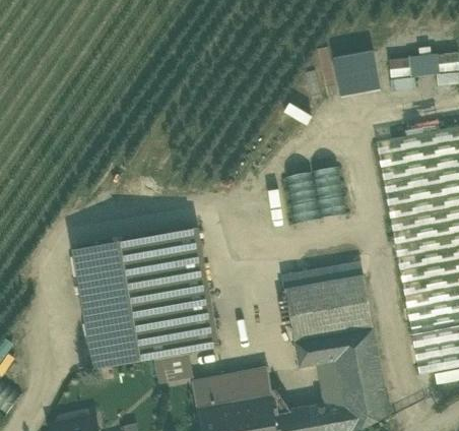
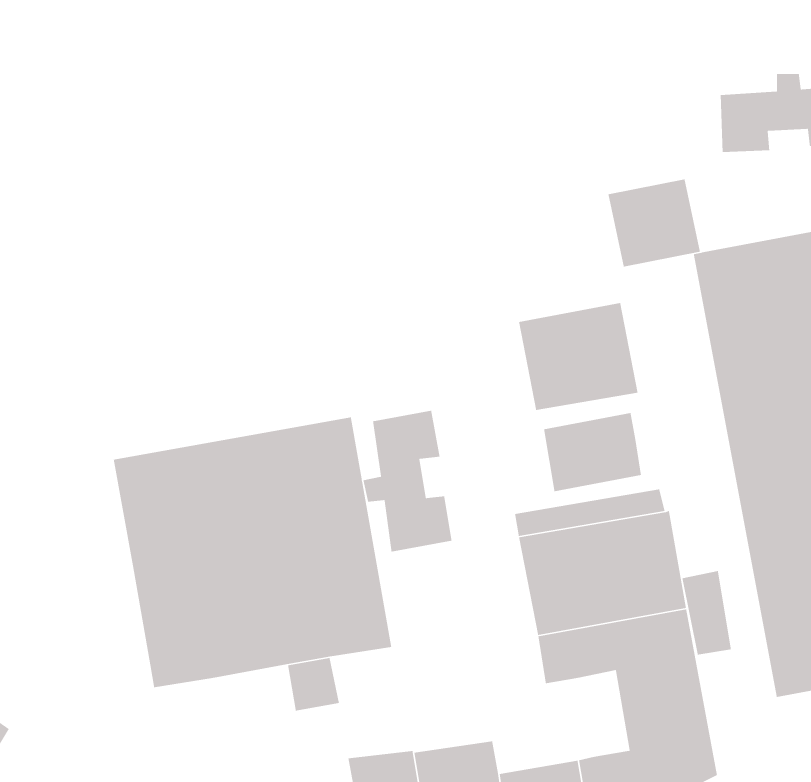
building: [331,48,380,95] -> [608,178,701,268]
building: none -> [363,410,453,553]
building: none -> [543,412,642,492]
building: [316,358,342,403] -> [681,570,732,655]
building: [192,367,271,404] -> none

